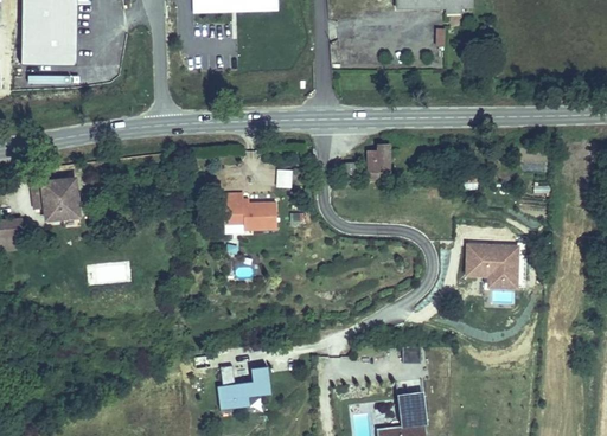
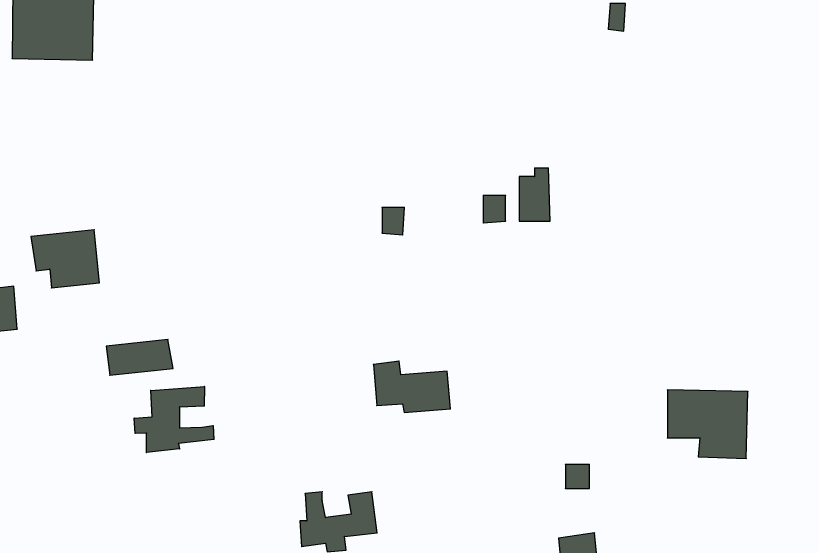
building: [230,195,283,231] -> [373,361,450,412]
building: [464,241,519,288] -> [667,390,748,458]
building: none -> [134,386,214,453]

